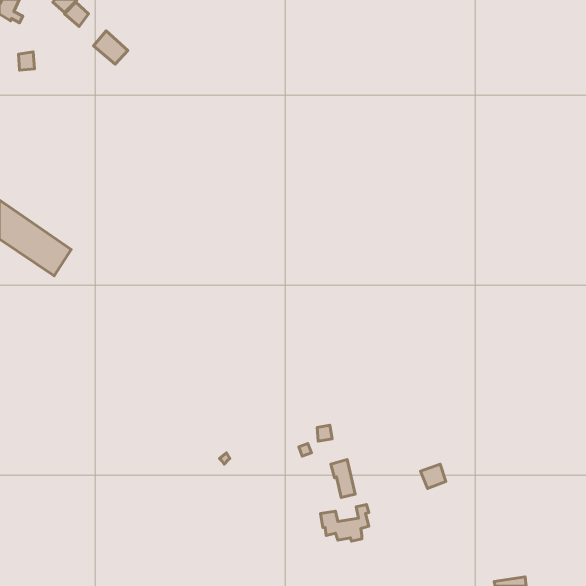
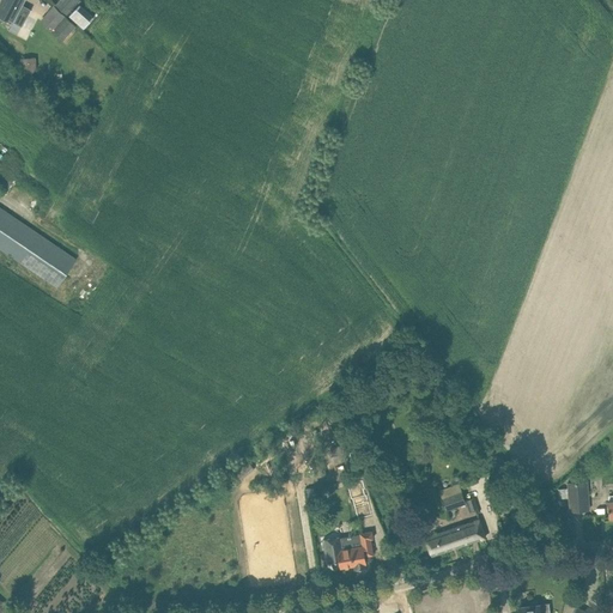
building: [93,31,128,64] -> [40,5,75,40]
building: none -> [566,480,588,510]
building: none -> [424,517,484,554]

